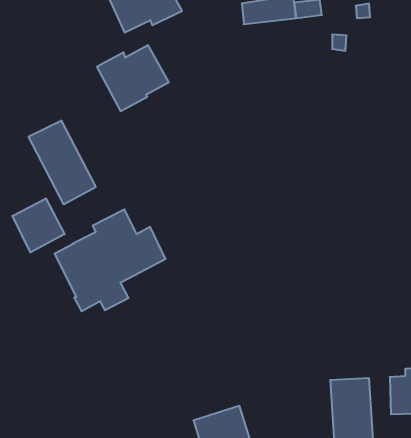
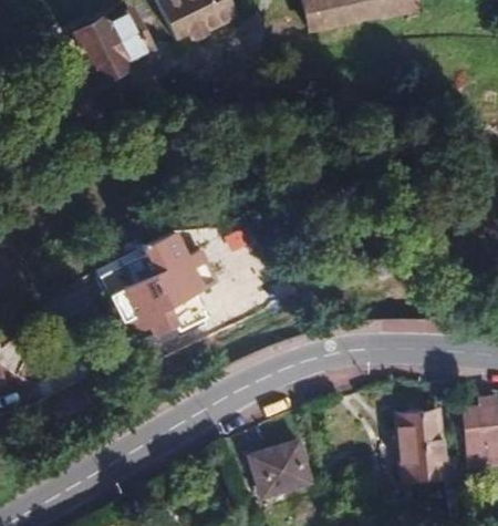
building: [97,45,169,111] -> [76,10,154,81]
building: [29,120,96,204] -> none
building: [12,198,65,252] -> none

